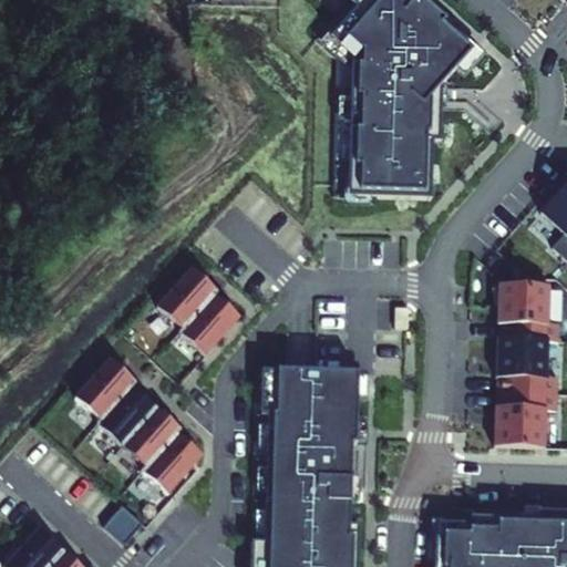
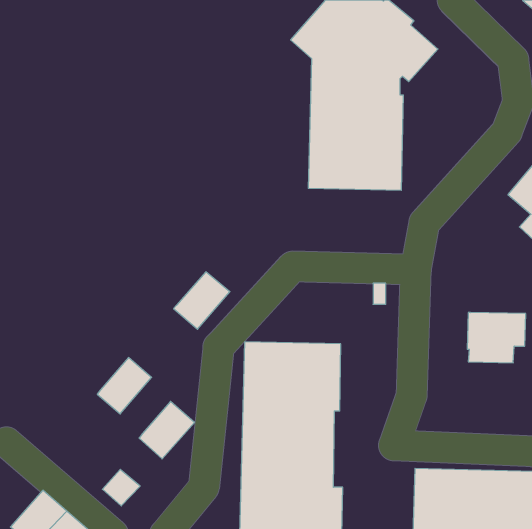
building: [164,268,224,329] -> none
building: [495,281,559,338] -> none
building: [84,359,142,419] -> none
building: [496,389,558,444] -> none
building: [130,405,186,465] -> none

